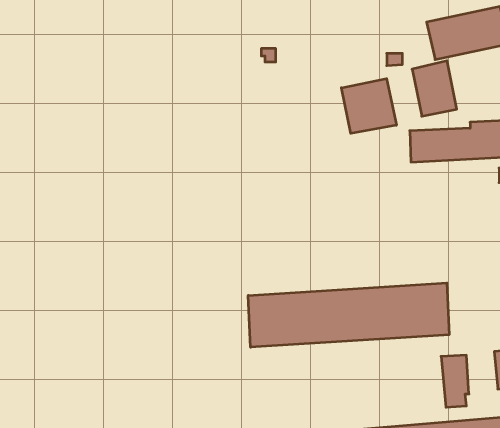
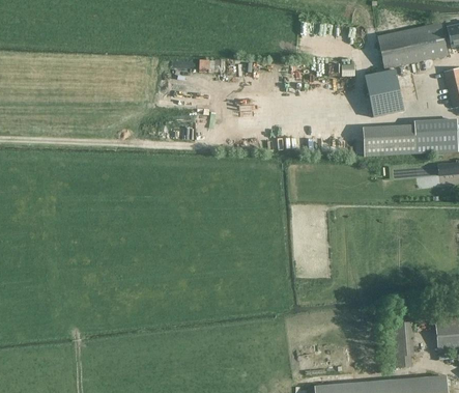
building: [341,79,396,133] -> none
building: [248,283,449,347] -> none

